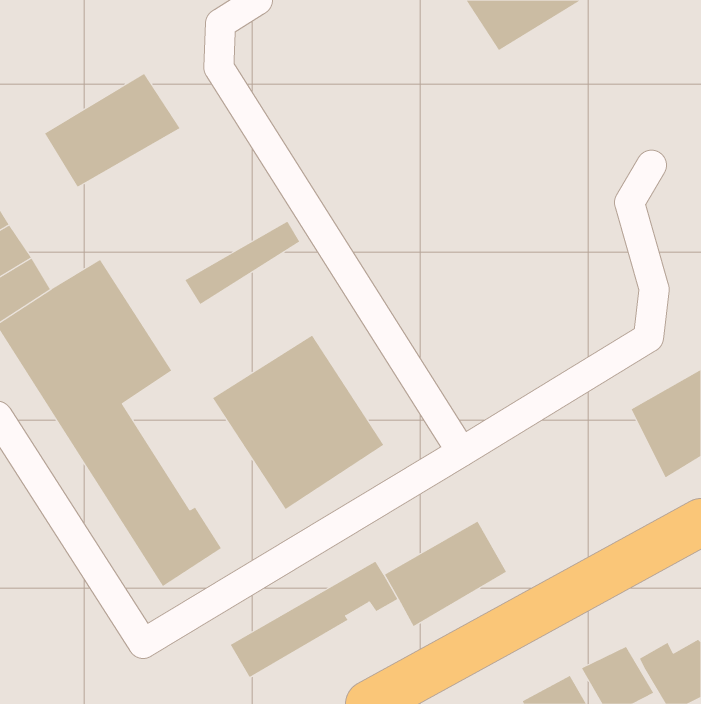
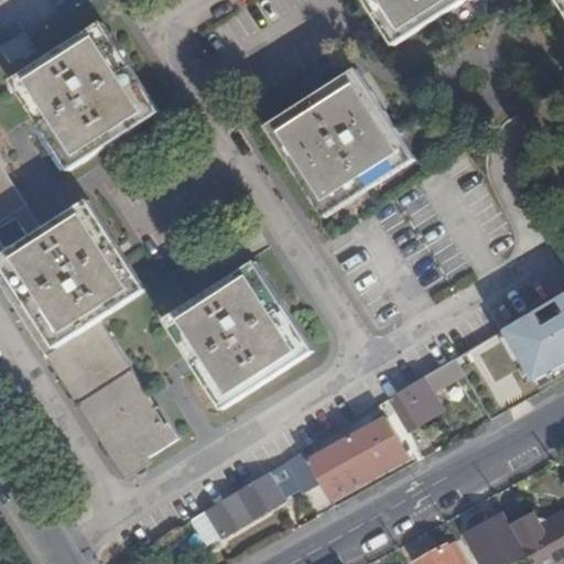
building: none -> [15,26,116,107]
building: none -> [269,74,410,210]
building: [185,221,300,305] -> [62,102,154,170]
building: none -> [384,358,463,431]

